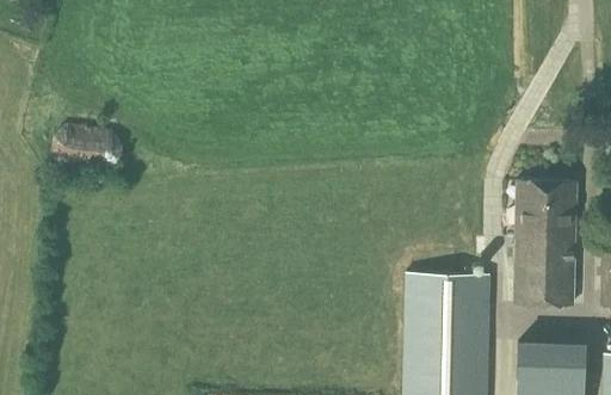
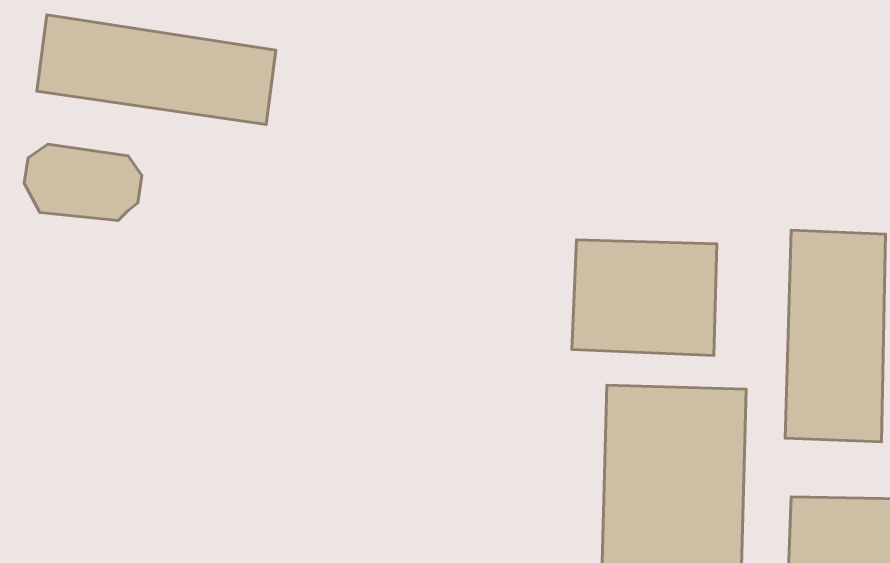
building: none -> [37,15,276,125]
building: none -> [572,240,717,355]

